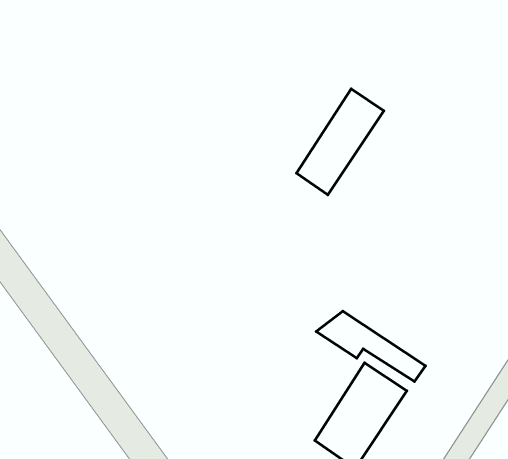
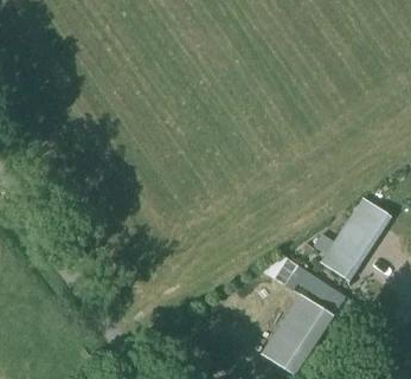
building: [297,89,384,195] -> [322,199,388,280]

